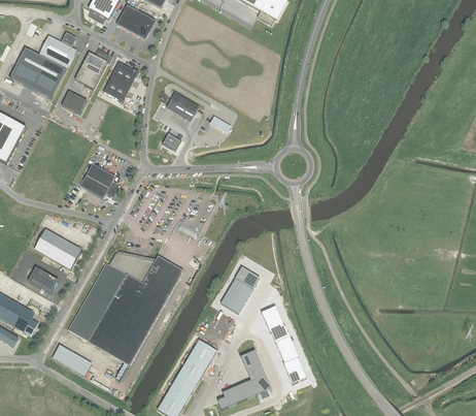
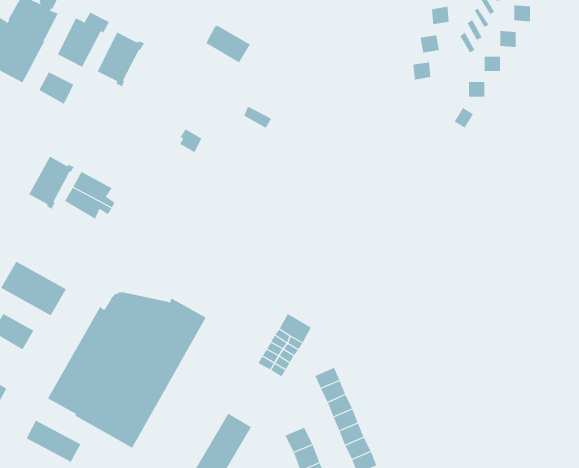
building: [166,91,199,119] -> [205,25,251,63]
building: none -> [29,156,75,210]

